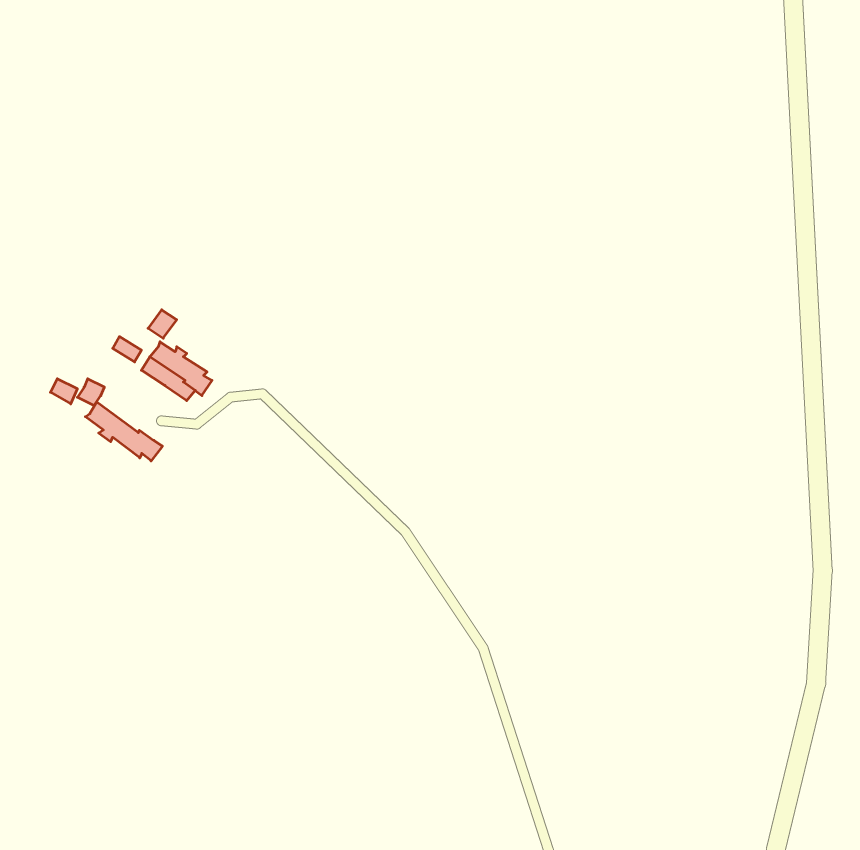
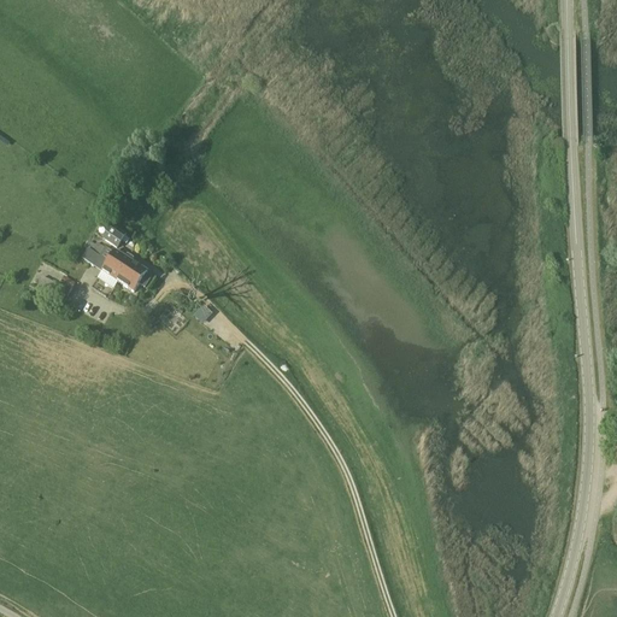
building: [85,402,162,461] -> none

